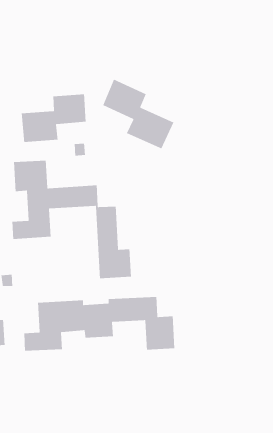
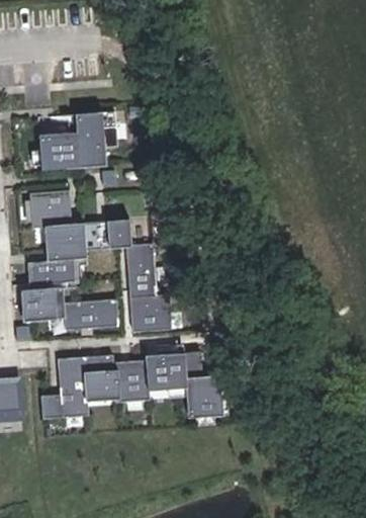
building: [102,79,174,150] -> none
building: none -> [26,288,118,329]

